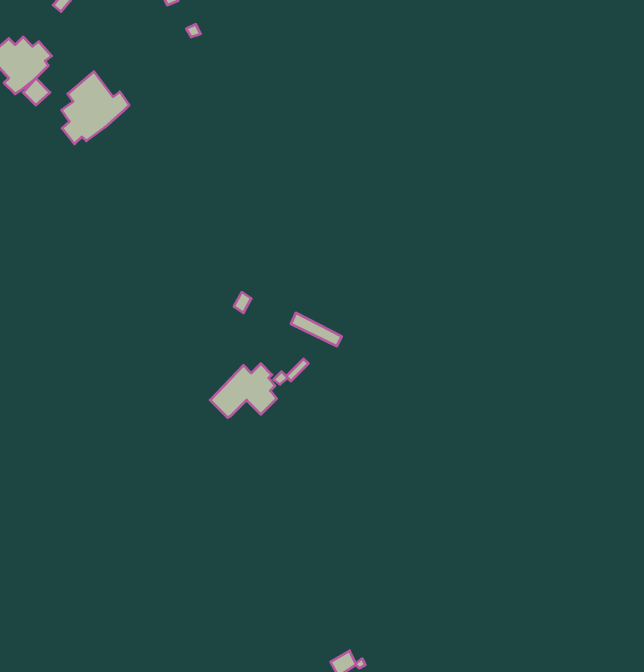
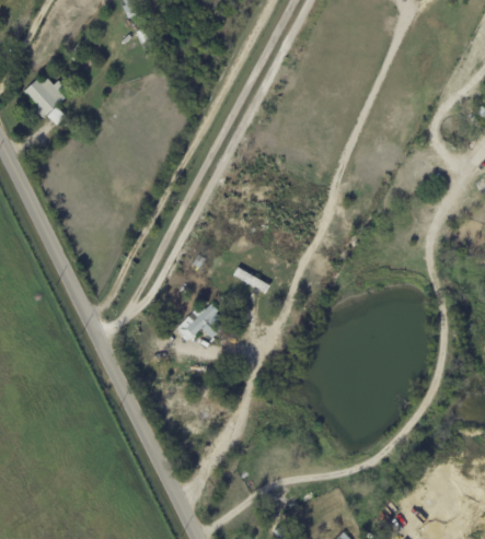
building: [62,72,129,144] -> none

